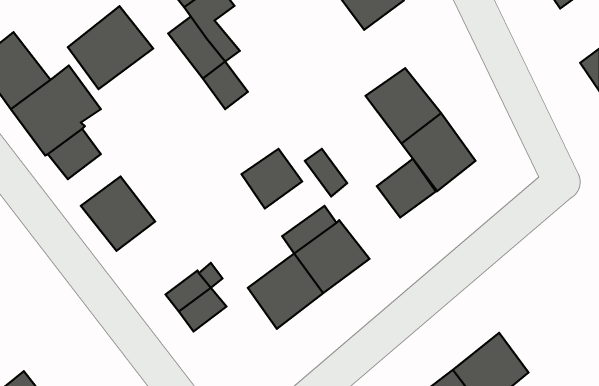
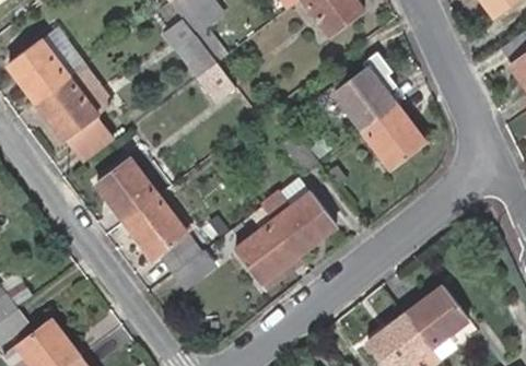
building: [68,6,153,89] -> none
building: [242,149,302,209] -> none
building: [377,159,436,217] -> none
building: none -> [126,193,187,257]

